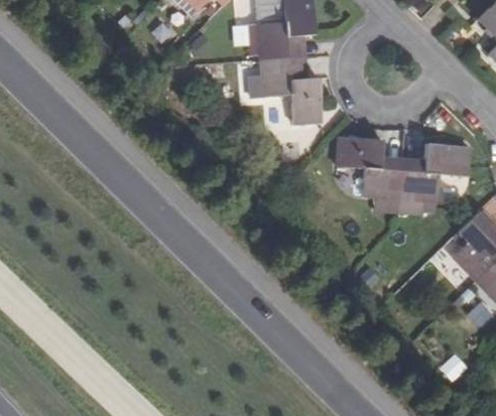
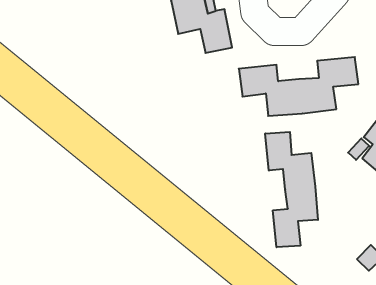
building: none -> [265,132,318,247]

